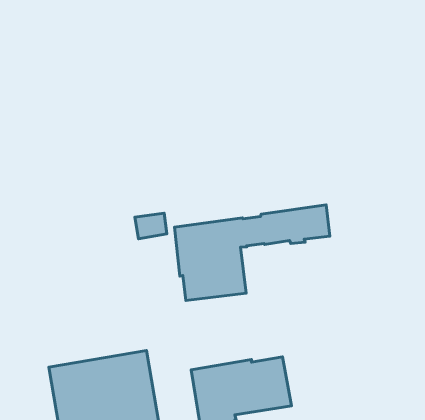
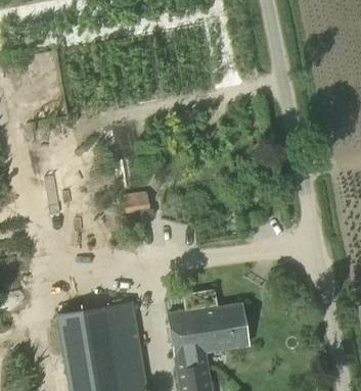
building: [174,205,330,300] -> none

